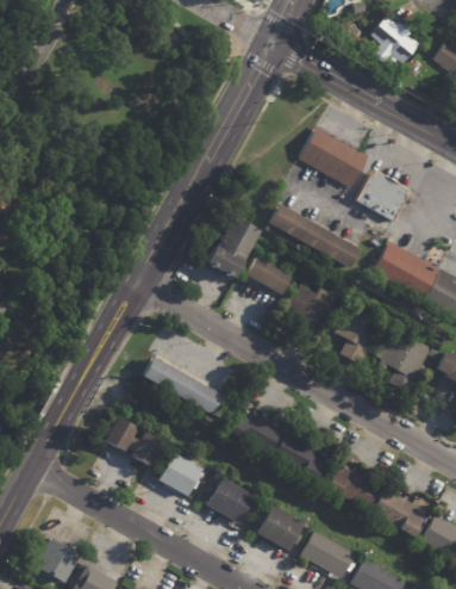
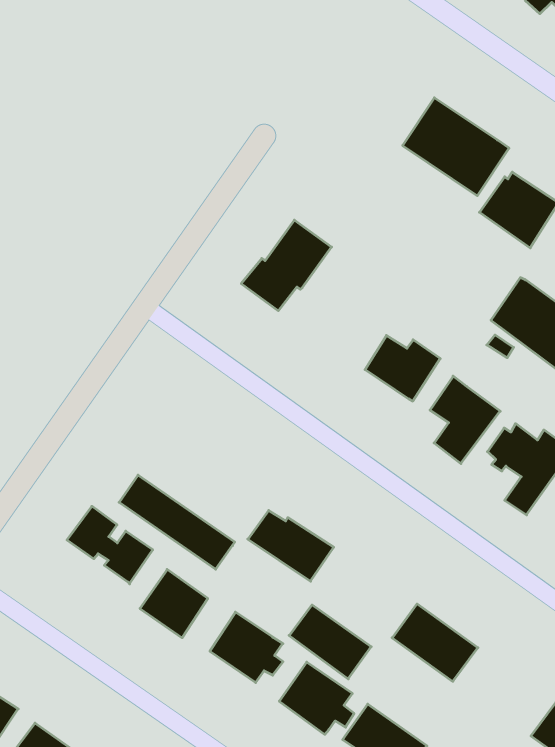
building: [269,203,360,266] -> none
building: [246,255,293,293] -> none
building: [139,355,218,413] -> [119,475,235,569]
building: [274,433,329,479] -> [289,605,371,679]
building: [373,488,429,537] -> none

